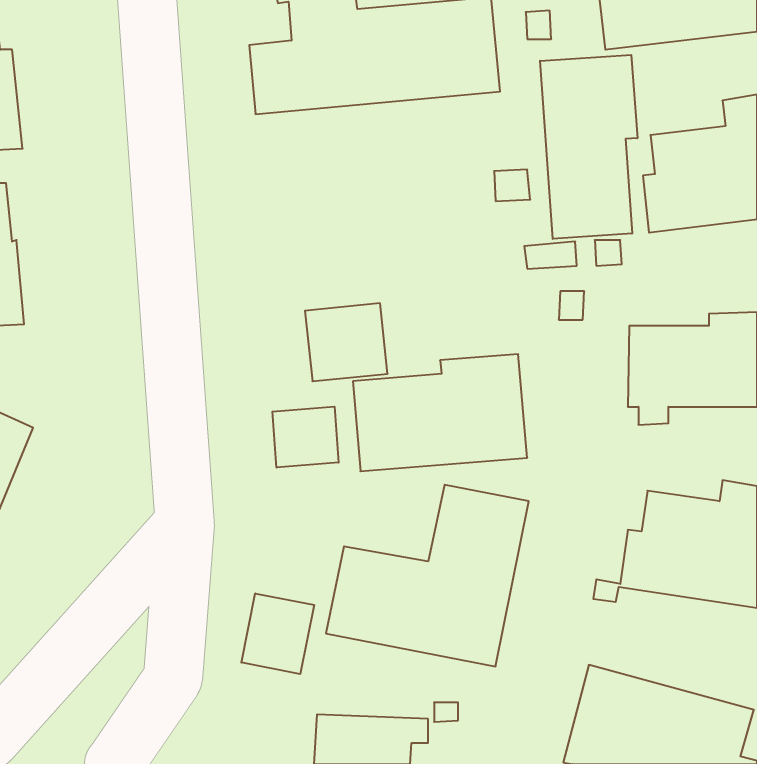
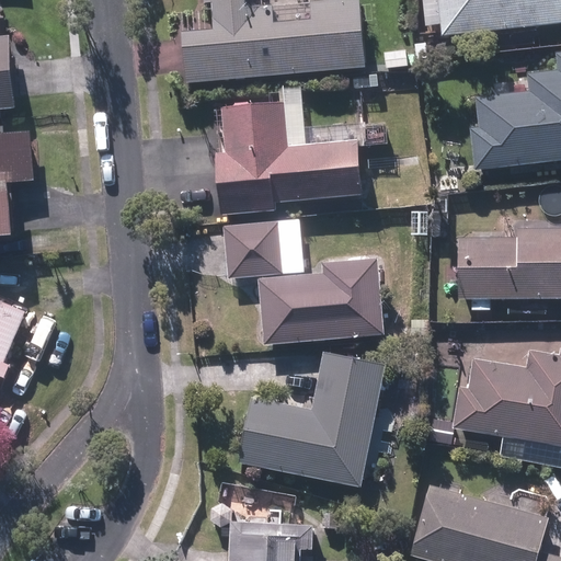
building: [540,55,637,239] -> none
building: none -> [218,104,360,215]
building: [272,407,339,468] -> none
building: [241,593,314,674] -> none

